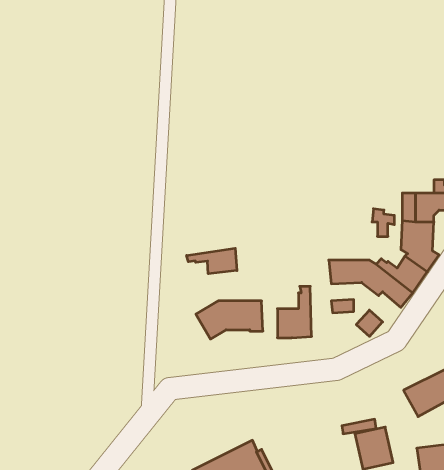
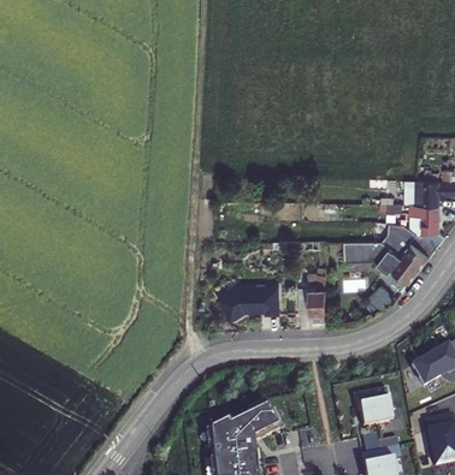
building: [187,248,237,274] -> none

